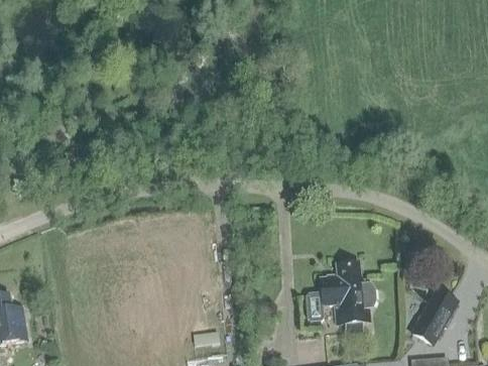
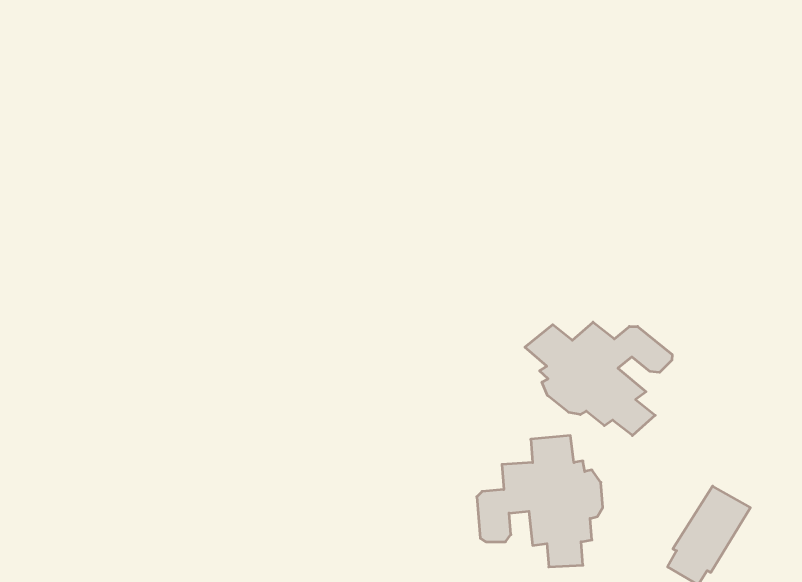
building: none -> [525,322,672,436]

